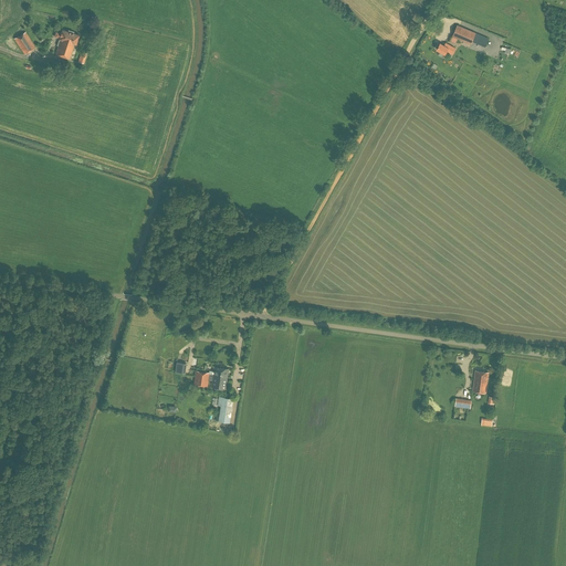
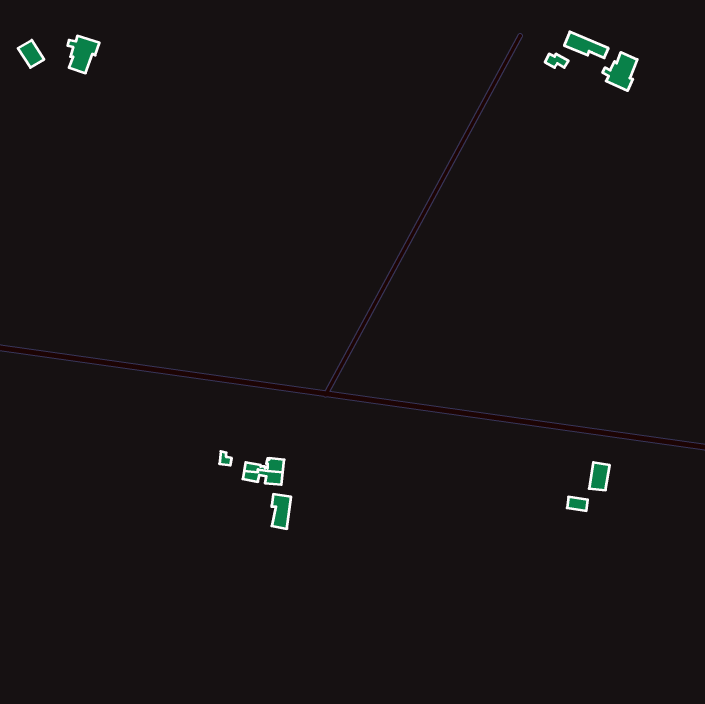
building: none -> [603,52,637,91]

